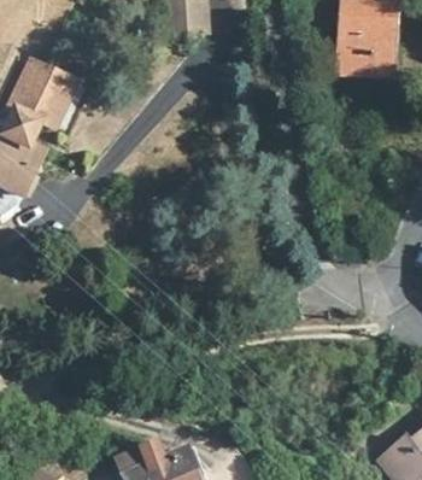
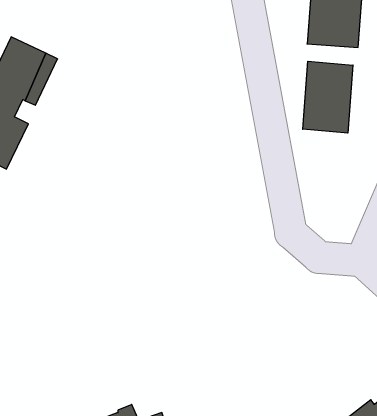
building: none -> [303,61,353,133]

